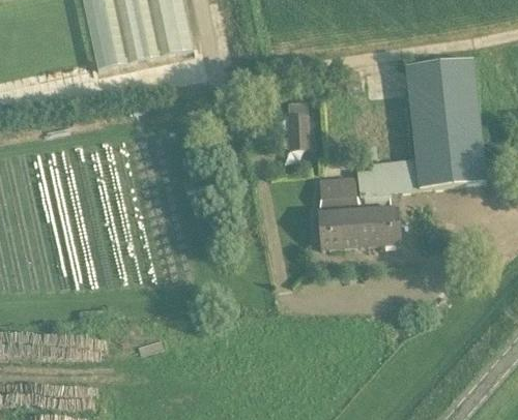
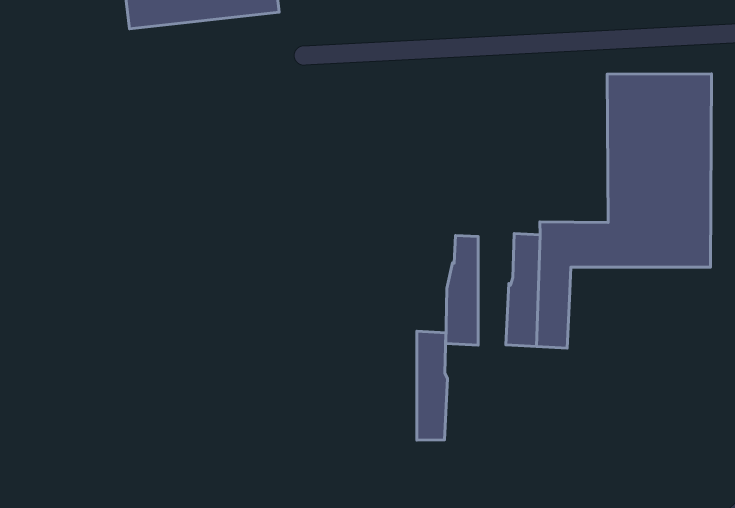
building: [287,112,310,148] -> none
building: [335,176,359,246] -> [417,331,448,440]

